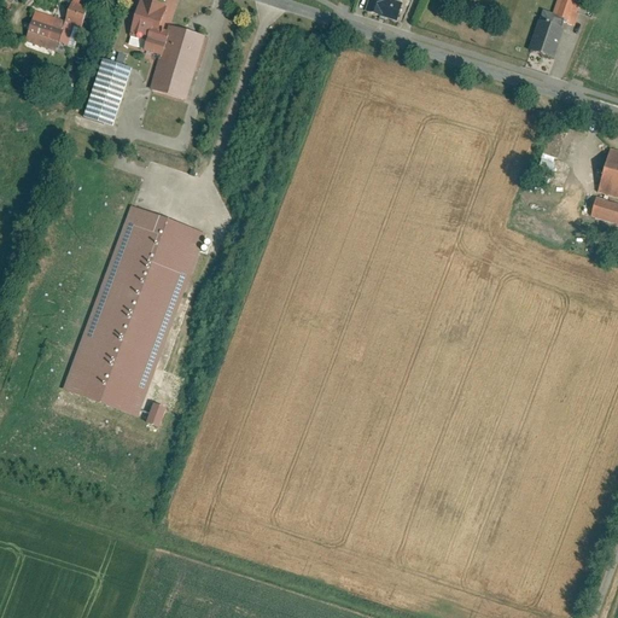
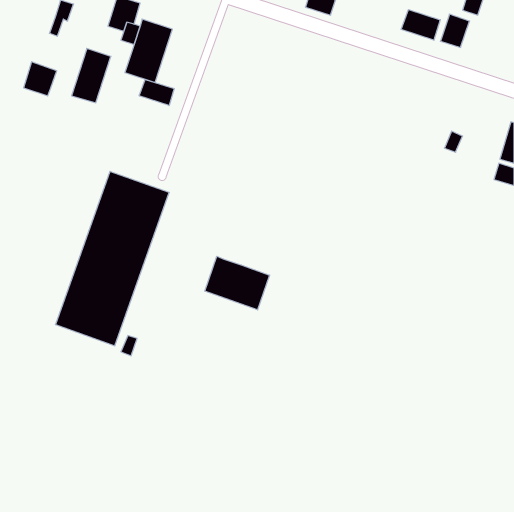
building: [27,8,66,49] -> [24,62,57,96]
building: none -> [401,10,440,40]
building: none -> [139,80,174,106]
building: none -> [205,256,270,310]

